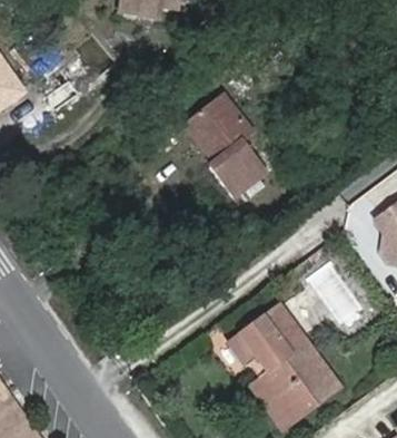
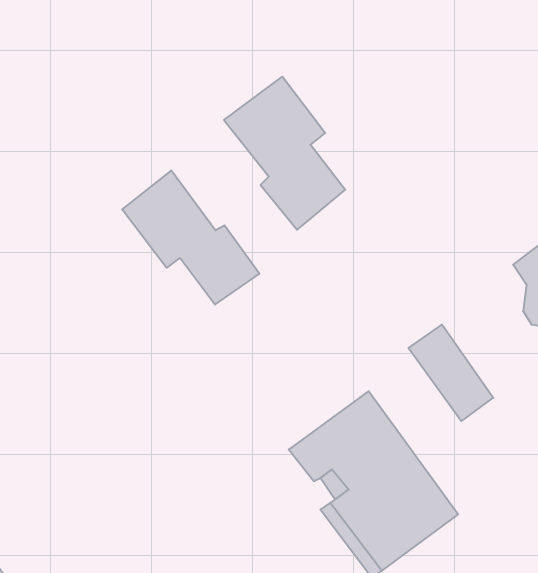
building: none -> [122,170,259,305]

